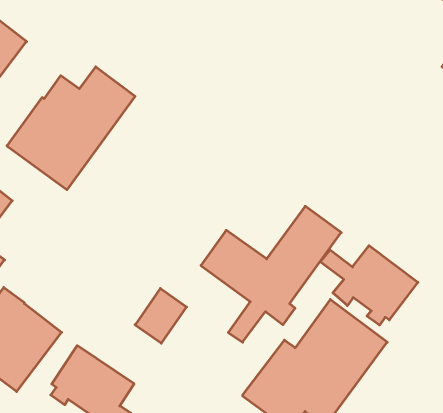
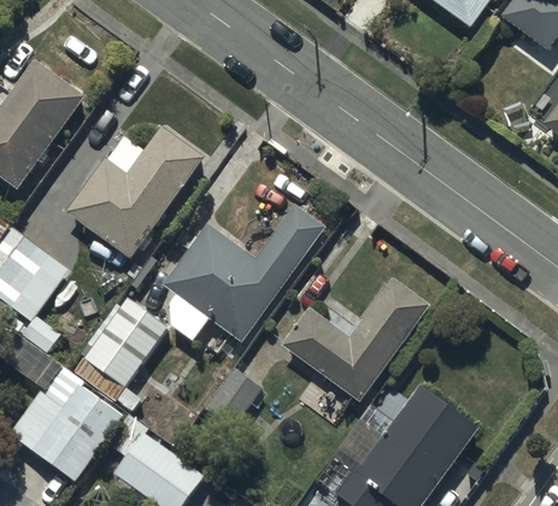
building: none -> [161,202,329,343]
building: none -> [69,299,166,413]
building: [320,246,418,325] -> none

